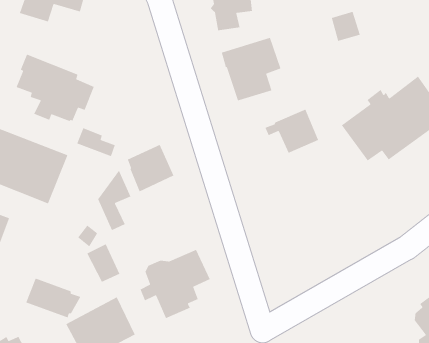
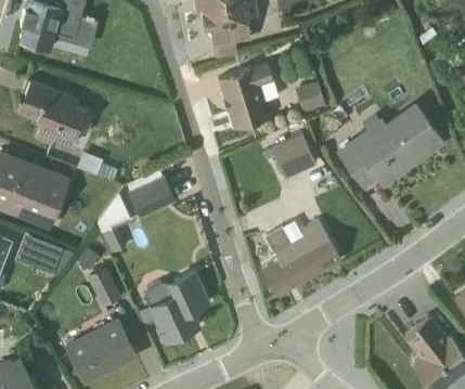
building: [331,11,361,42] -> [296,82,325,113]
building: none -> [261,220,340,297]
building: [25,278,81,318] -> [16,235,72,275]

